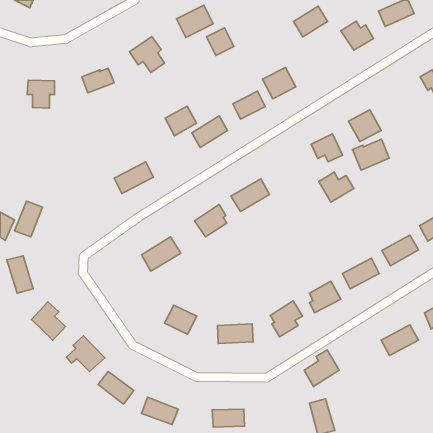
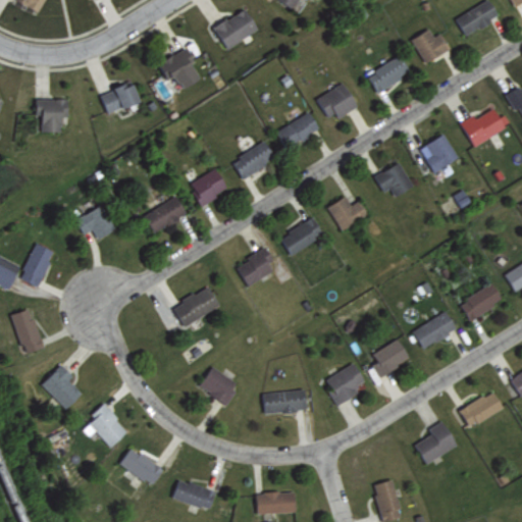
building: [293,6,328,37] -> [367,57,408,94]
building: [206,28,234,56] -> none
building: [165,106,197,136] -> [191,170,228,206]
building: [353,139,389,170] -> [462,109,506,146]
building: none -> [75,205,115,240]
building: [319,172,354,202] -> [328,197,370,232]
building: [304,350,339,386] -> [415,421,457,465]

